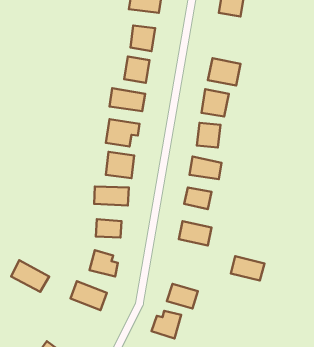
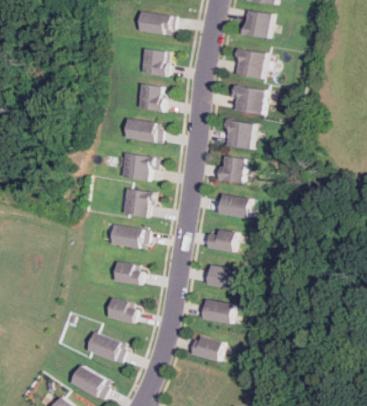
building: none -> [239,48,269,80]
building: [231,256,264,281] -> [199,296,236,323]
building: [11,260,49,292] -> [66,363,108,398]
building: [151,311,181,338] -> none

